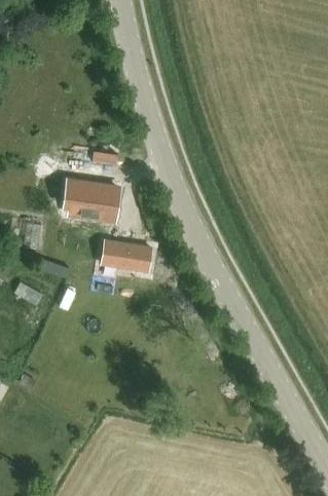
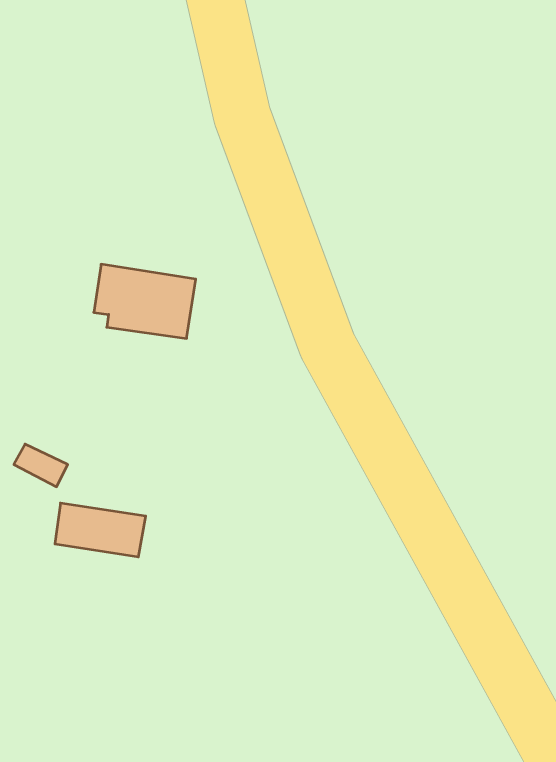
building: [103,241,153,271] -> [55,503,146,557]

